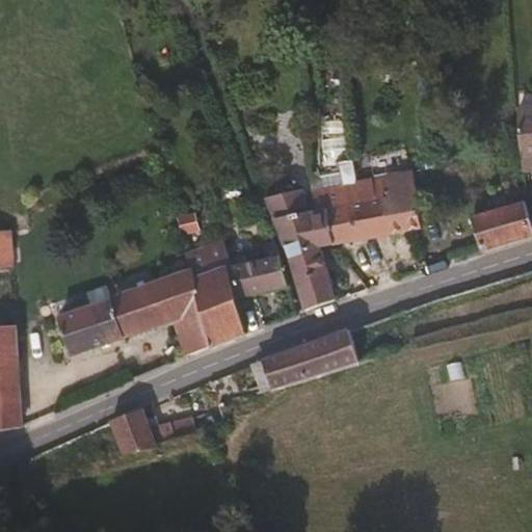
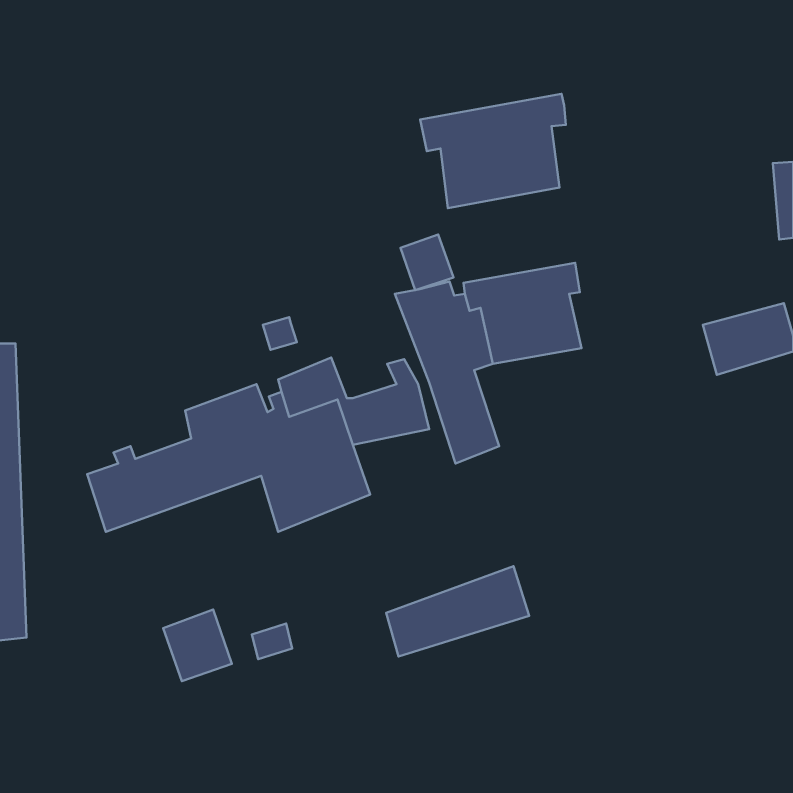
building: none -> [420,94,566,208]
building: none -> [401,234,454,290]
building: [380,168,427,233] -> none
building: [262,328,357,389] -> [386,566,529,656]

